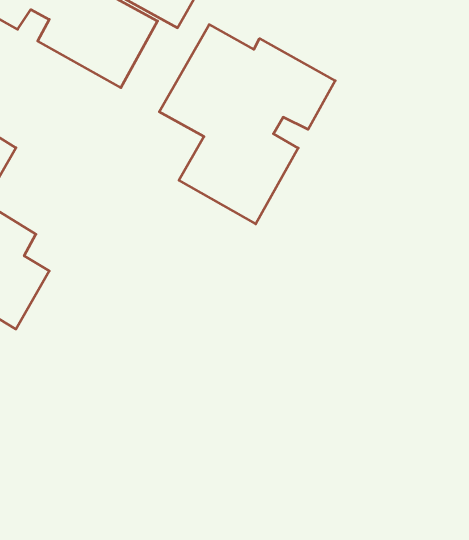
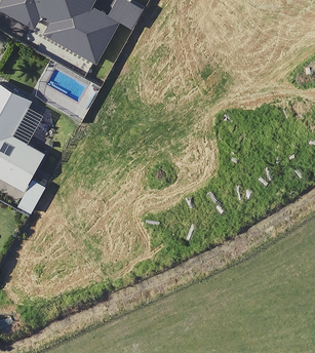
building: [159,25,335,224] -> none

